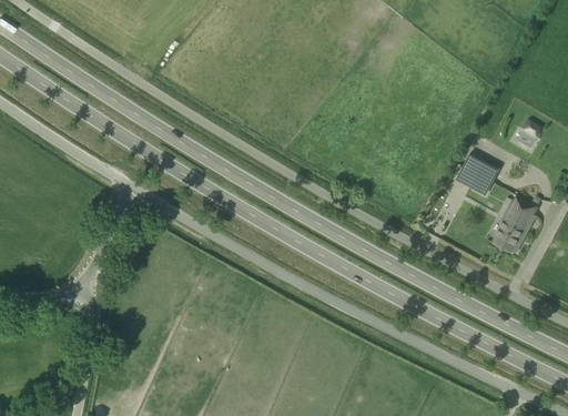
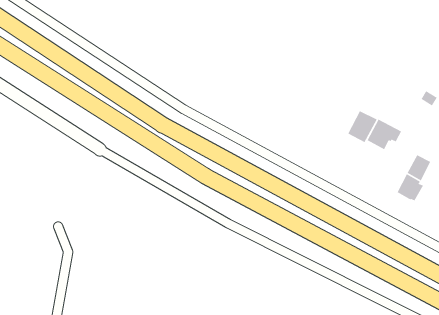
building: none -> [347,110,378,143]

